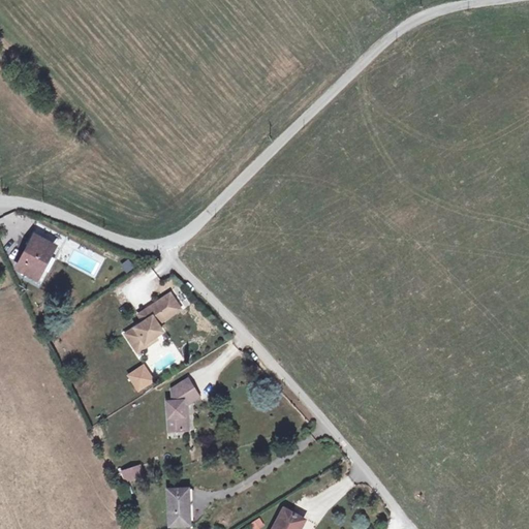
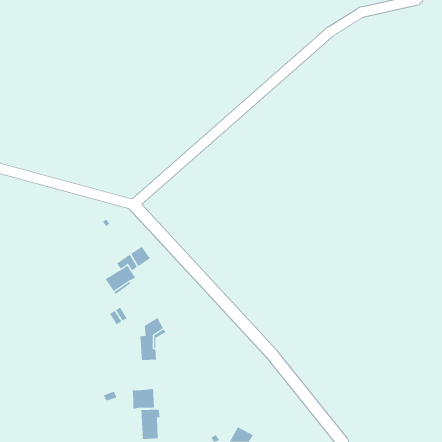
building: [19,236,52,276] -> none
building: none -> [132,388,155,409]

